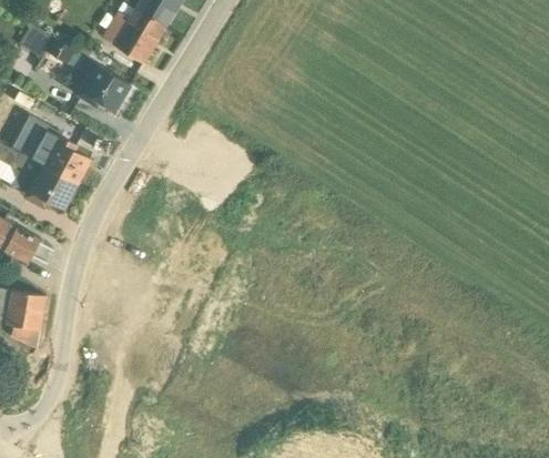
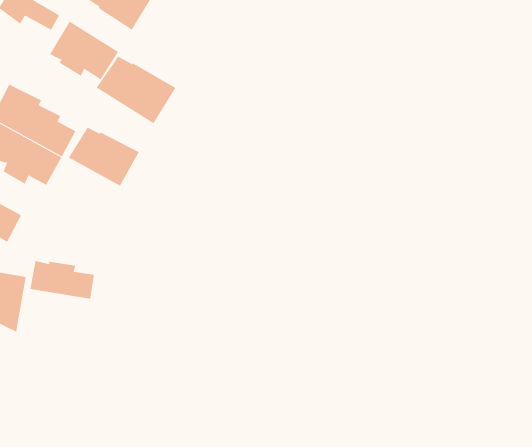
building: none -> [96,56,176,124]
building: none -> [68,127,139,187]
building: none -> [30,260,95,300]

